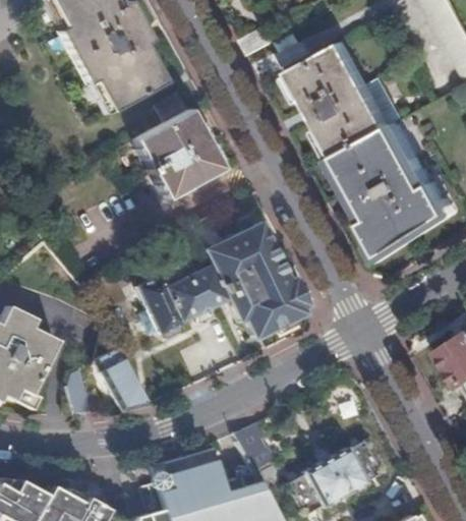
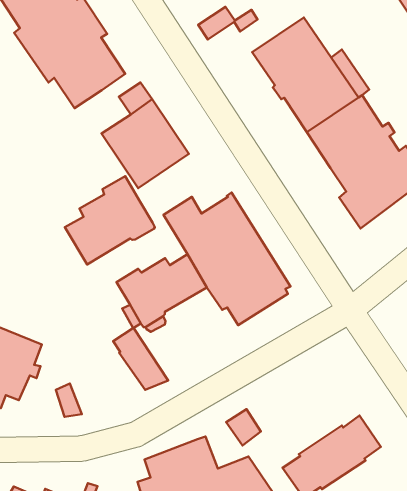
building: none -> [65,176,155,265]
building: [95,350,145,412] -> [113,328,168,390]

